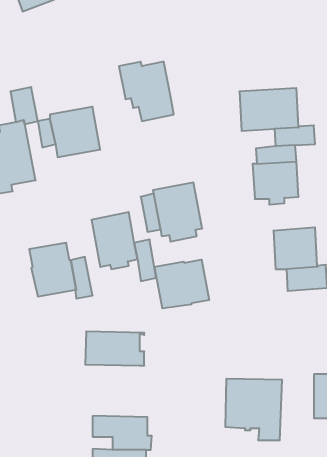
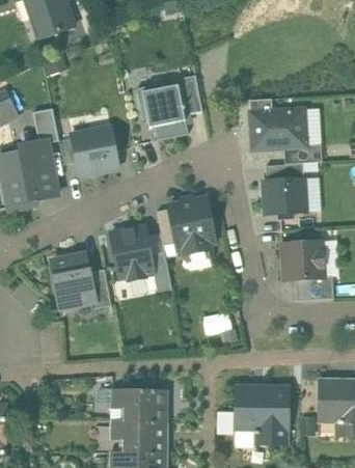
building: none -> [175,75,201,116]
building: [154,260,209,308] -> none
building: [85,332,144,366] -> [110,388,166,420]

